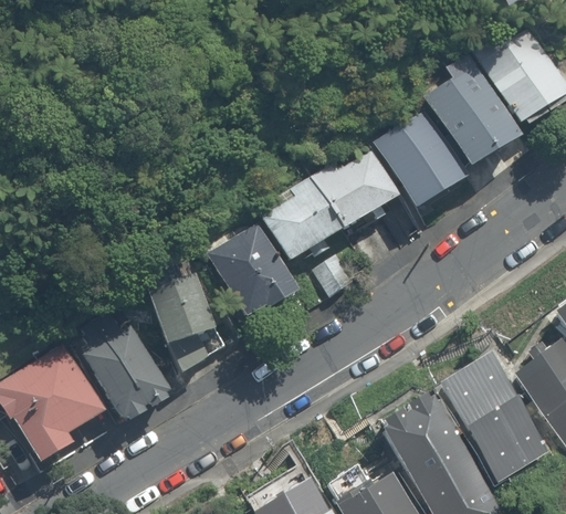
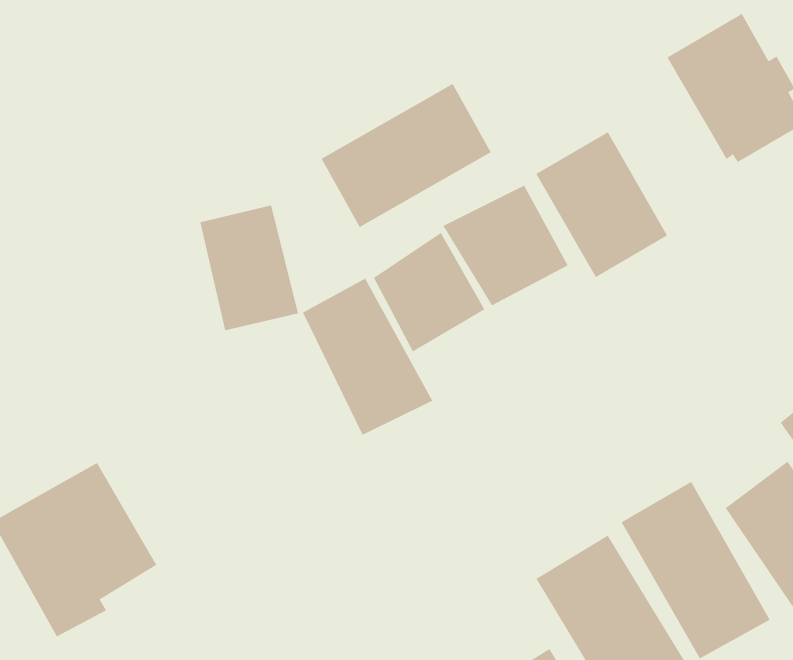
building: [422,67,511,172] -> none
building: none -> [321,83,491,228]
building: [149,255,219,344] -> [199,205,299,331]
building: [80,316,178,423] -> none

